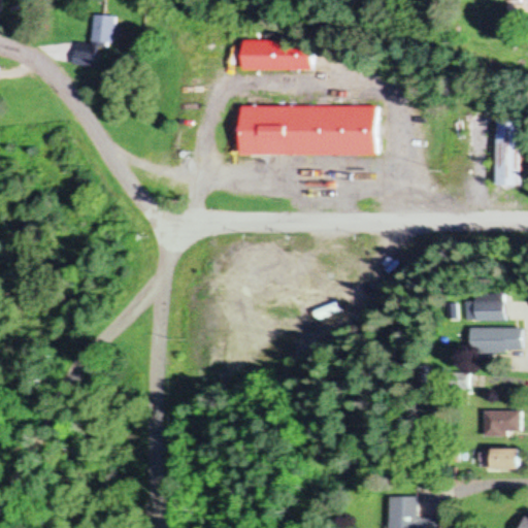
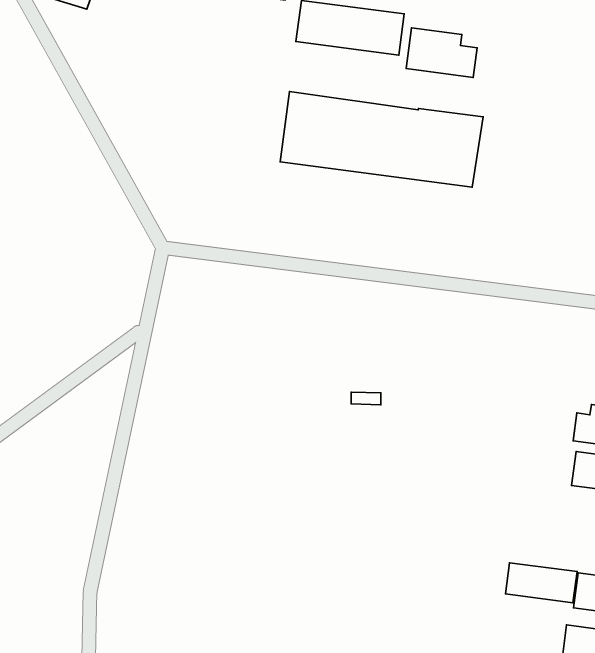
building: none -> [406,28,477,77]
building: none -> [505,563,577,603]

